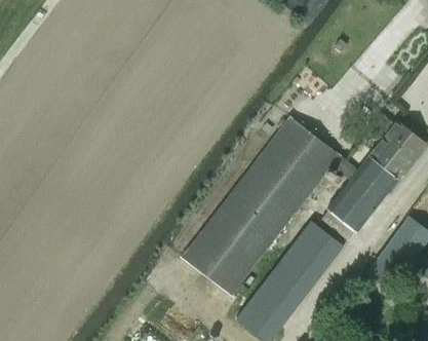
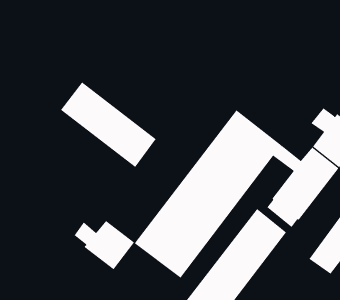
building: none -> [60,82,156,168]
building: none -> [74,220,135,270]

